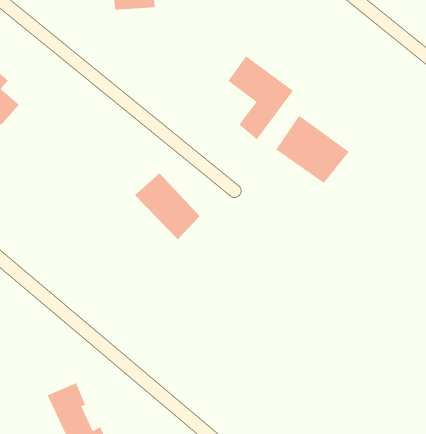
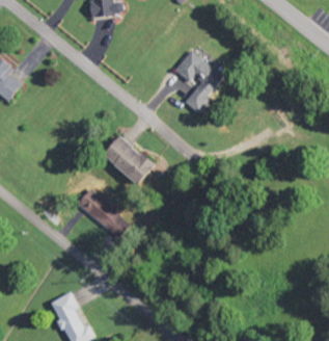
building: [275,115,349,184] -> none
building: none -> [78,189,121,228]

